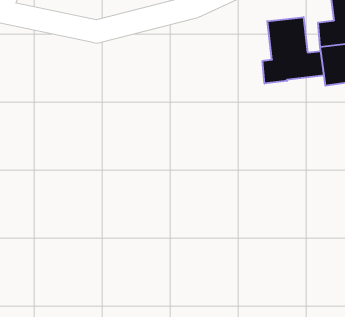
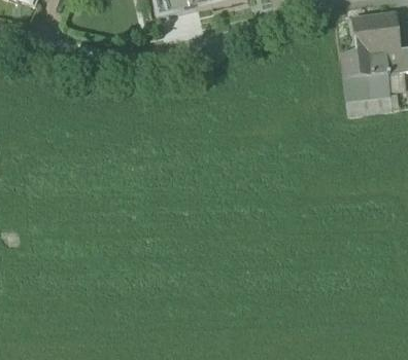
building: [262,17,324,84] -> none

